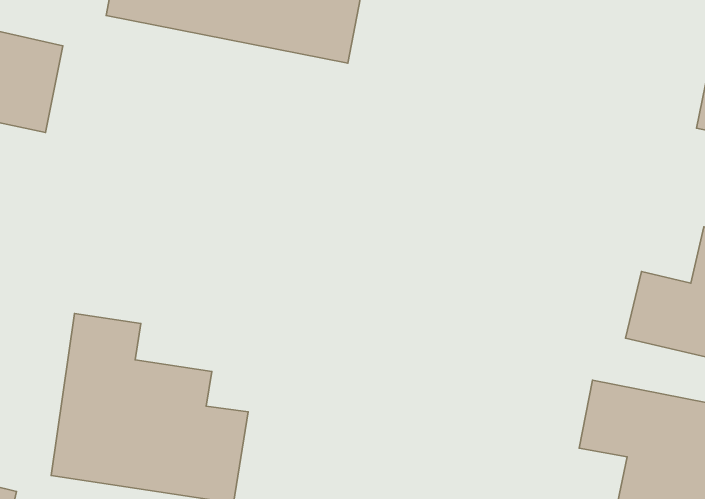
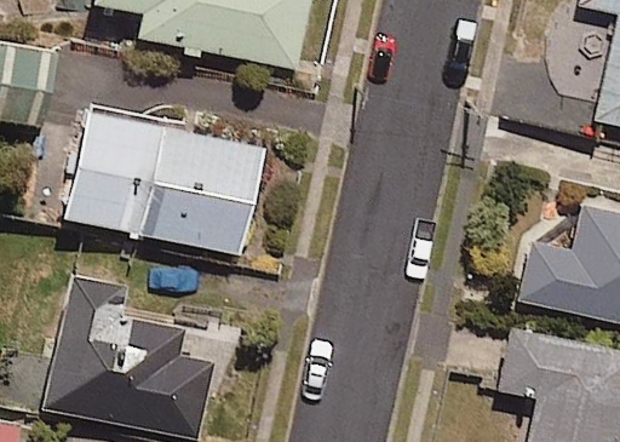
building: none -> [74,110,266,256]

